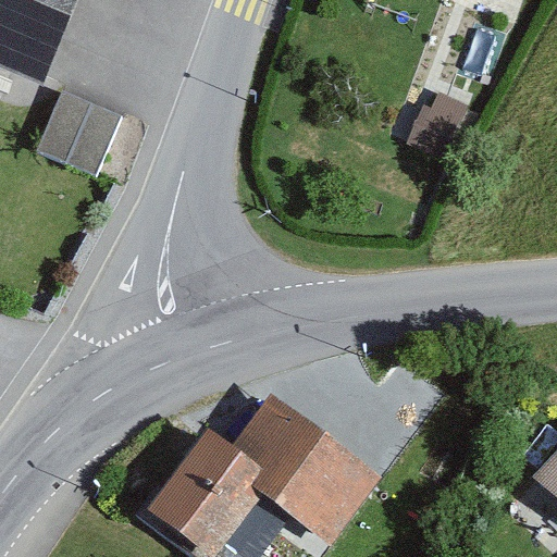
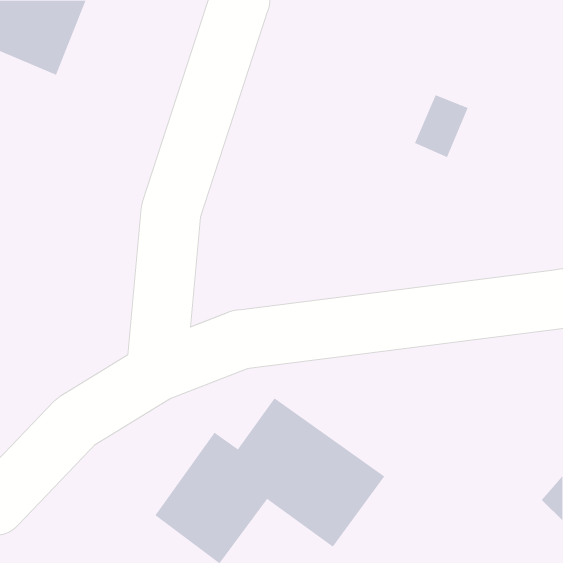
building: [35,89,120,174] -> none

